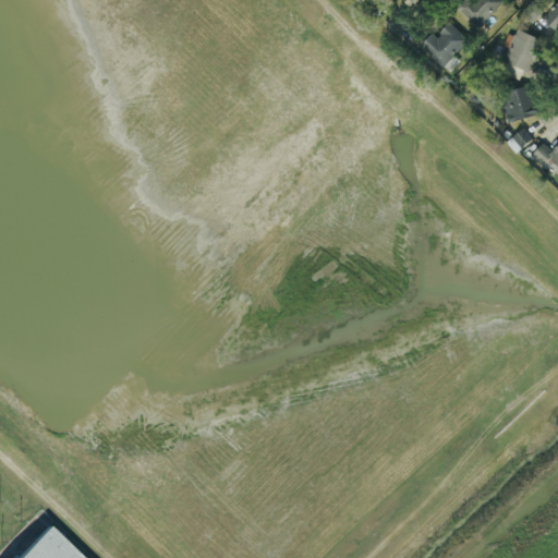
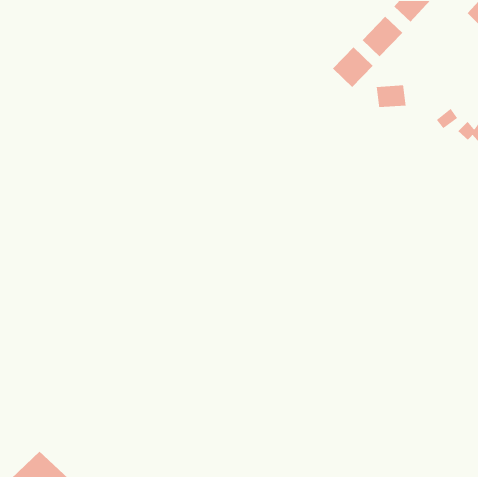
building: [505,28,546,73] -> none
building: none -> [332,46,374,88]
building: [502,93,538,120] -> [376,84,407,108]

